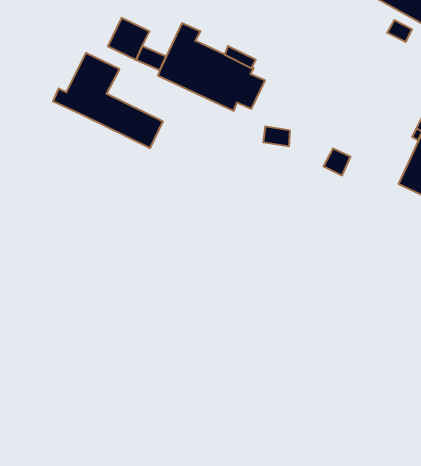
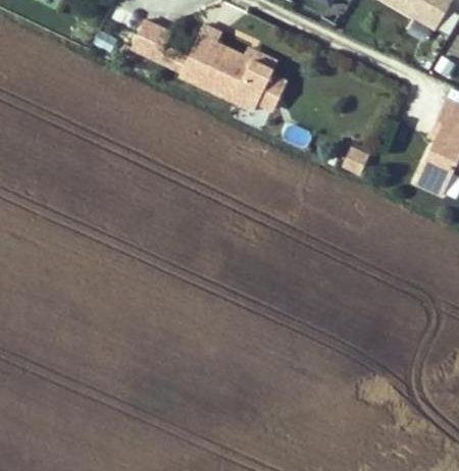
building: [53,53,163,148] -> none

